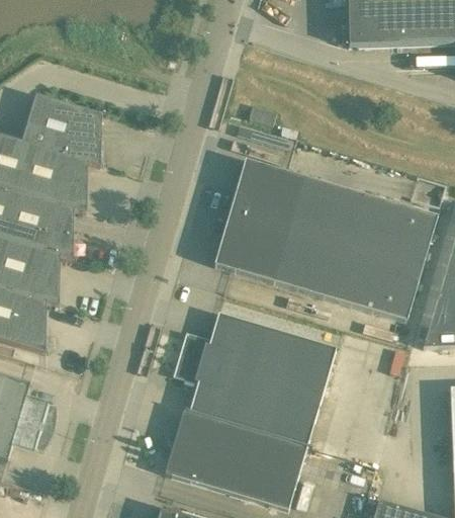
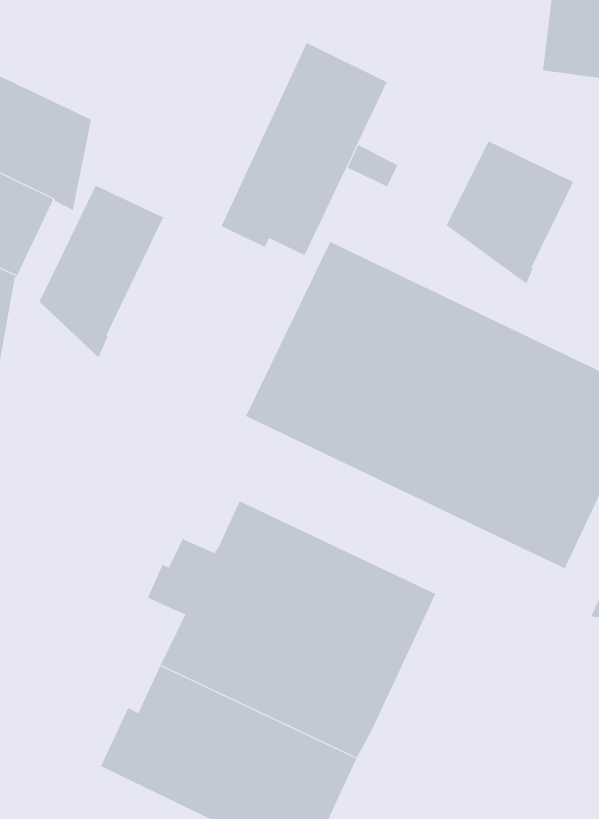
building: none -> [221,42,388,256]
building: none -> [446,141,574,285]
building: none -> [39,185,164,358]

